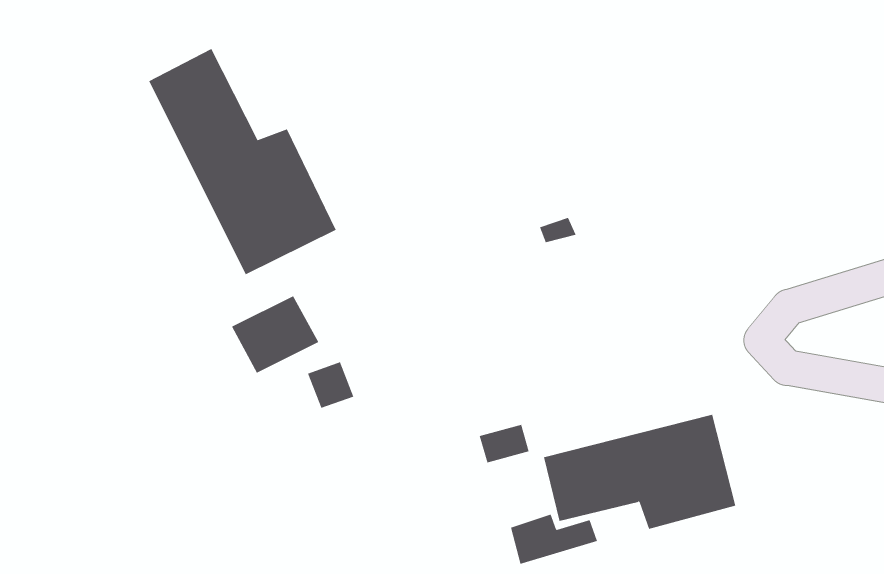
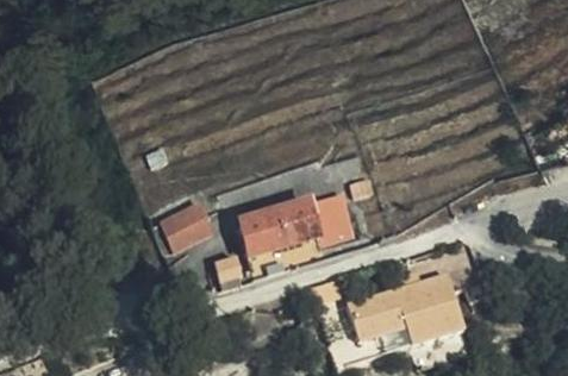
building: [148,48,337,275] -> none
building: none -> [235,194,352,264]

